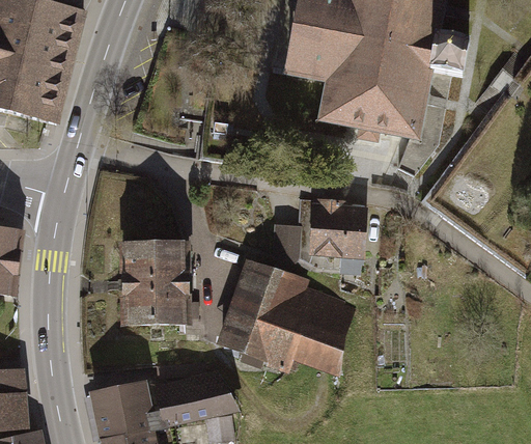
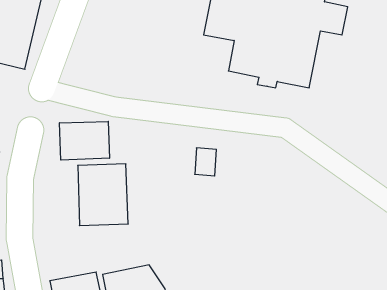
building: none -> [60,121,109,160]
building: [308,198,364,275] -> none
building: [214,258,355,372] -> none

